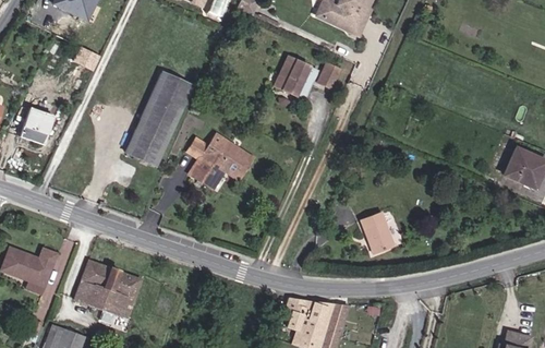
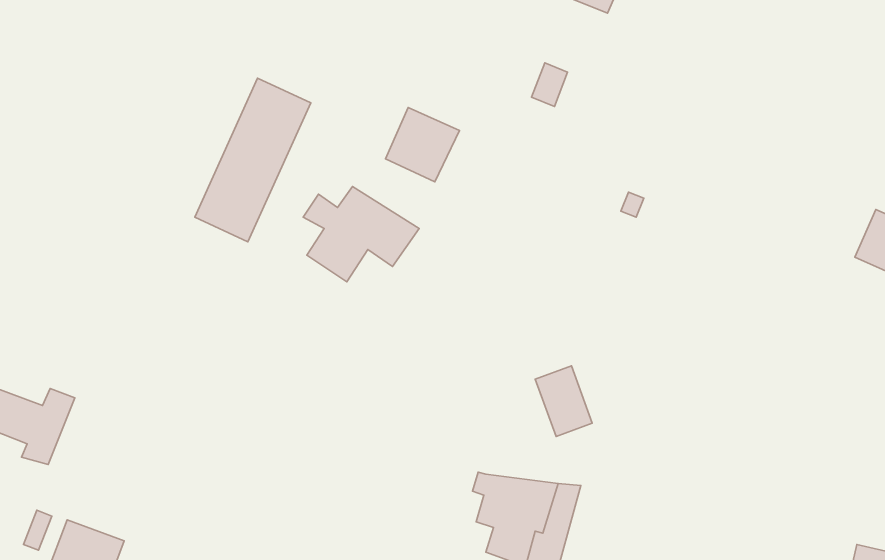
building: [275,56,317,98] -> [385,107,460,182]
building: [20,107,53,144] -> none
building: [361,212,393,252] -> [535,366,592,436]
building: [74,261,141,329] -> none

